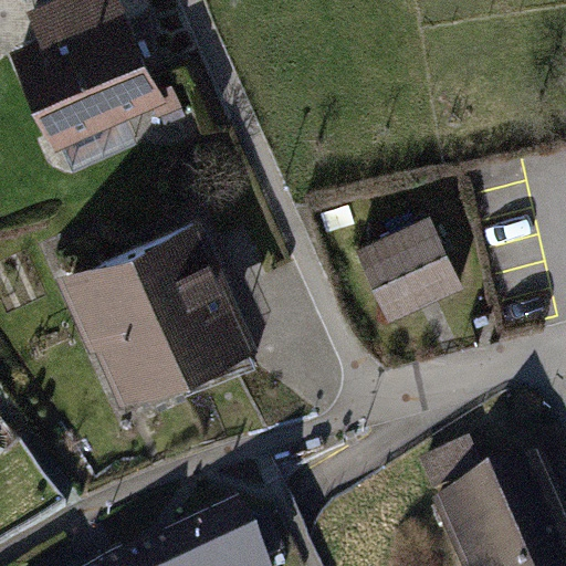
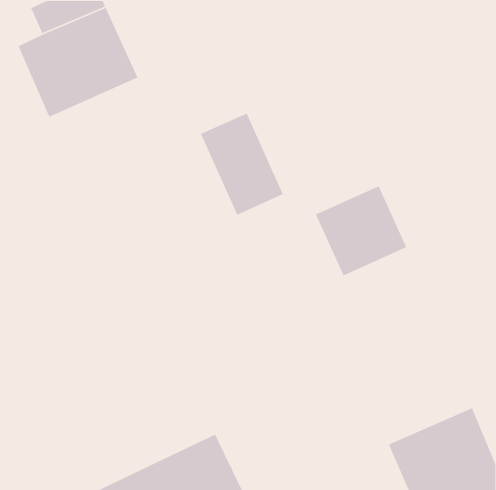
building: none -> [200,112,284,216]
building: [70,230,244,399] -> none

